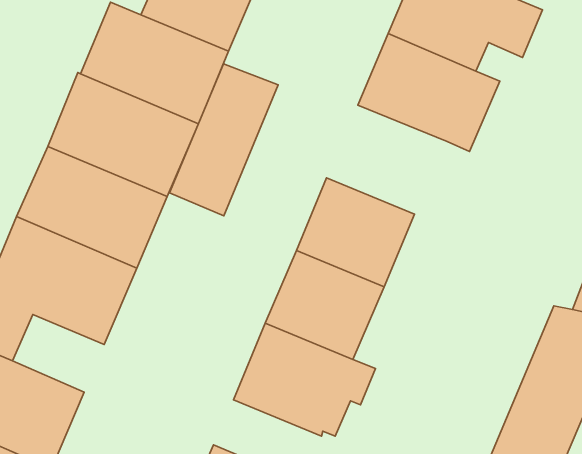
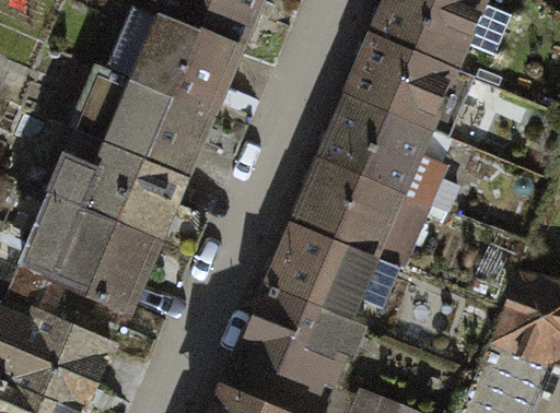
building: [170,64,278,216] -> none
building: none -> [323,96,445,204]

